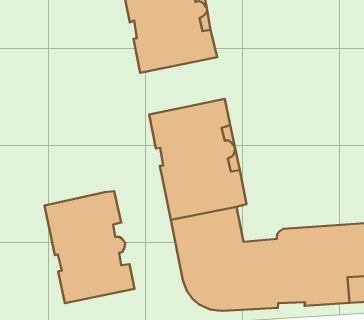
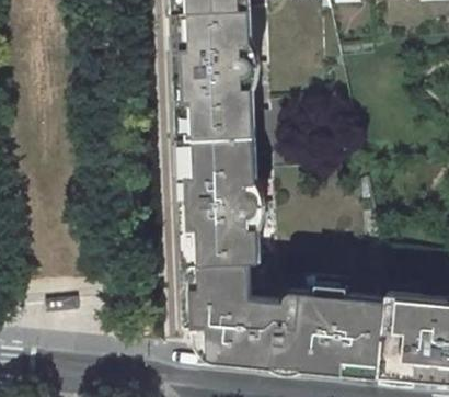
building: none -> [179,114,256,159]
building: [45,191,134,303] -> none

